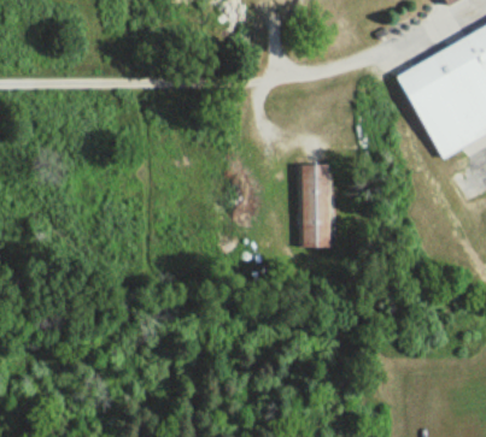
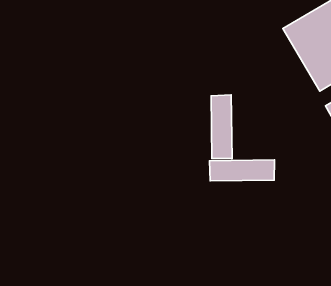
building: none -> [210,160,275,181]

